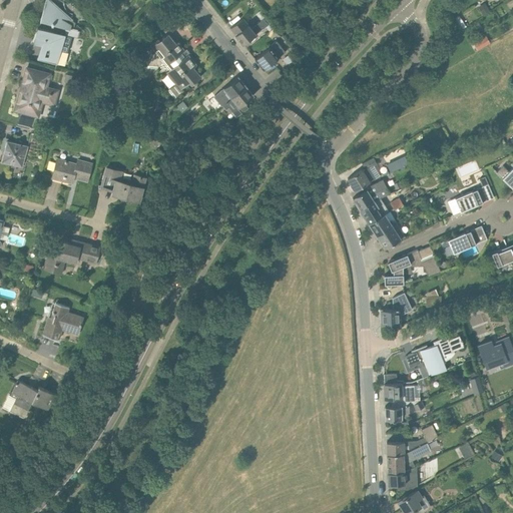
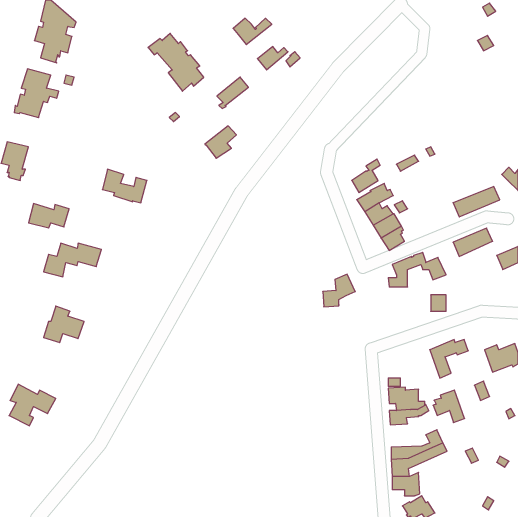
building: [222,87,253,119] -> [205,126,236,158]
building: [52,159,92,183] -> [29,204,69,228]
building: [381,294,413,326] -> [323,274,355,307]
building: [404,347,435,379] -> [433,390,465,423]

